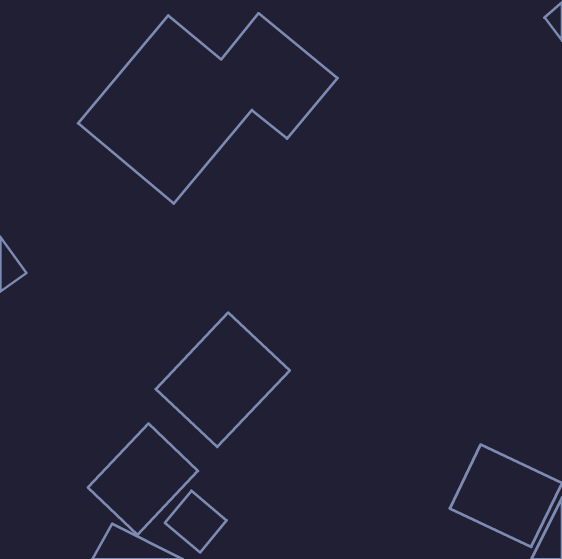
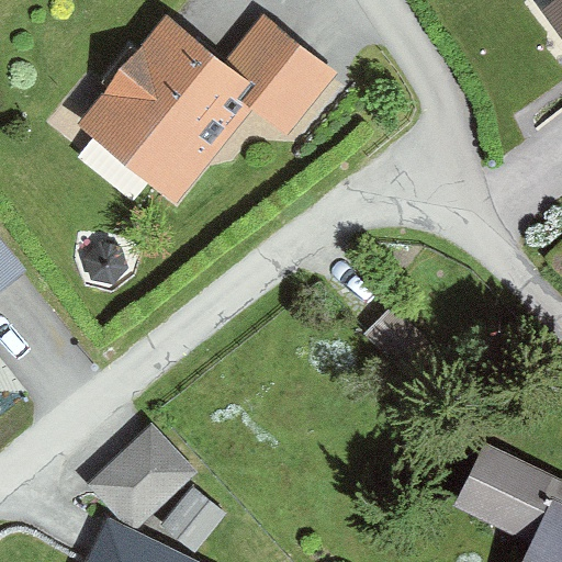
building: [156,313,290,447] -> none

